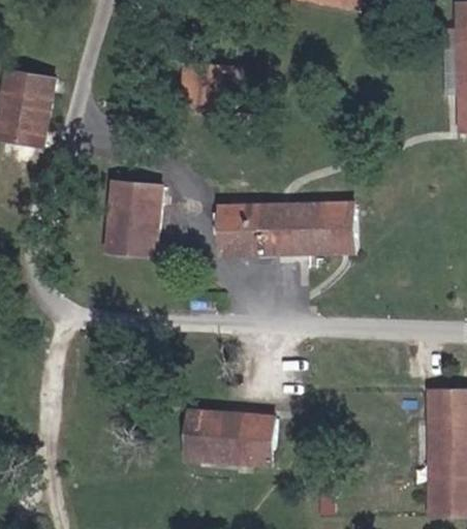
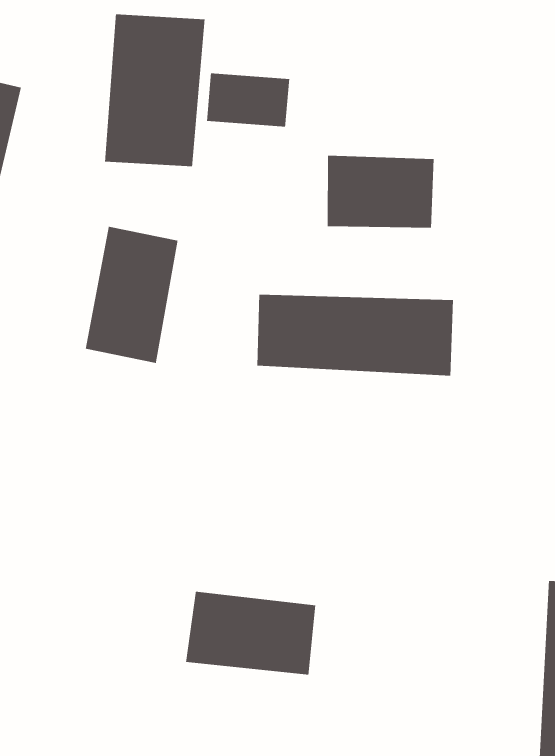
building: none -> [104,13,206,167]
building: none -> [327,155,435,229]

